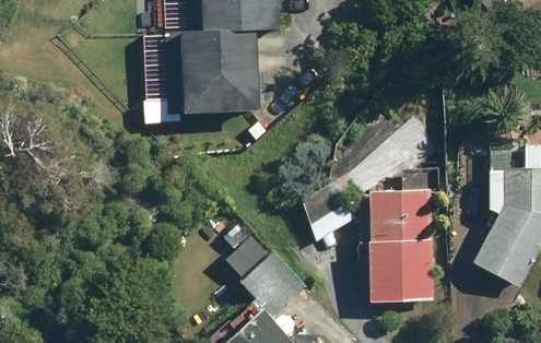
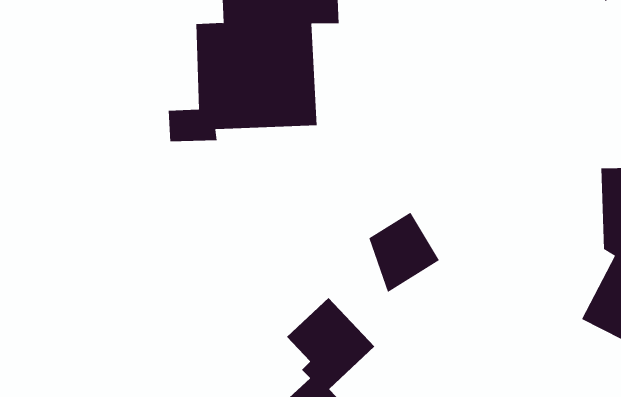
building: [366,167,445,304] -> none

